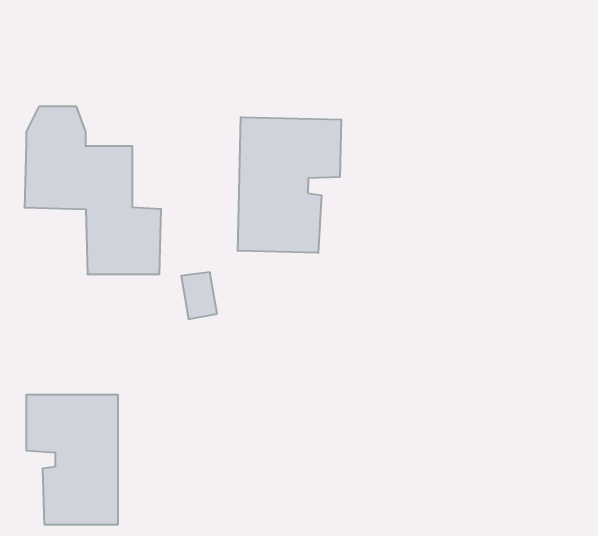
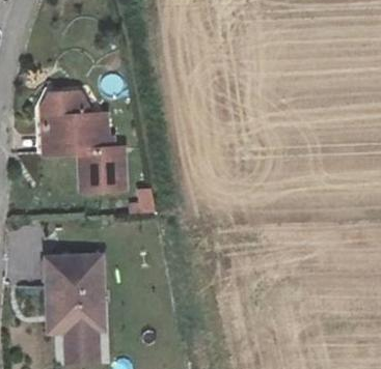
building: [238,117,341,253] -> none

